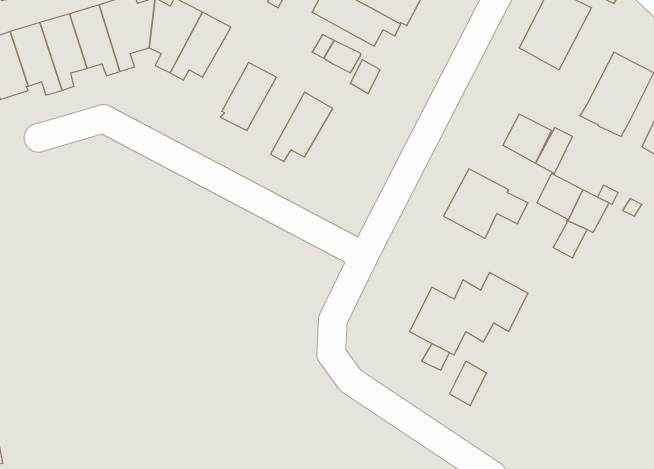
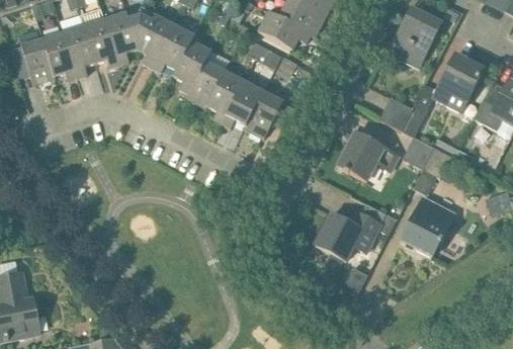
building: none -> [172,38,210,92]
building: none -> [204,69,244,121]
building: none -> [244,90,282,137]
building: none -> [402,196,454,254]

